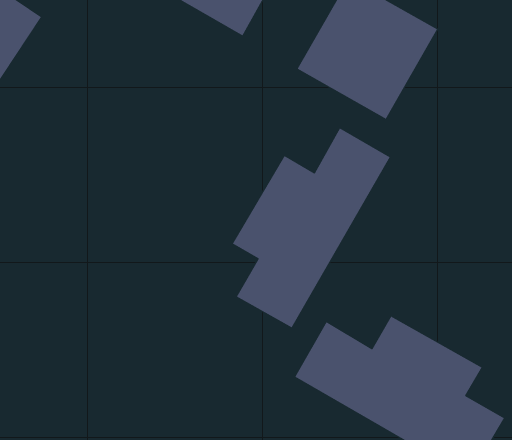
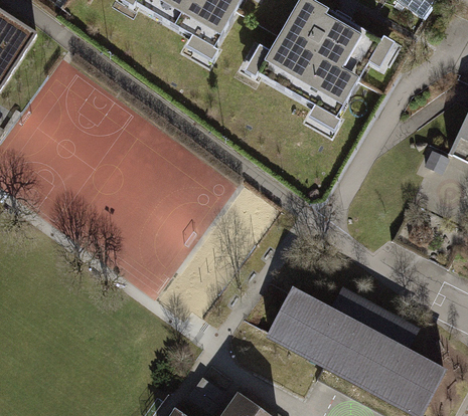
building: [232,127,391,328] -> none

